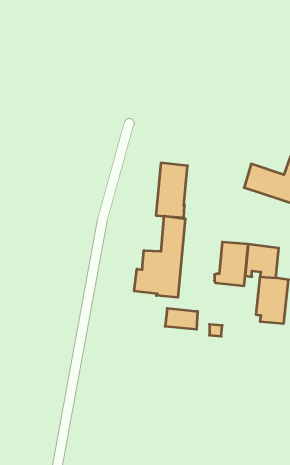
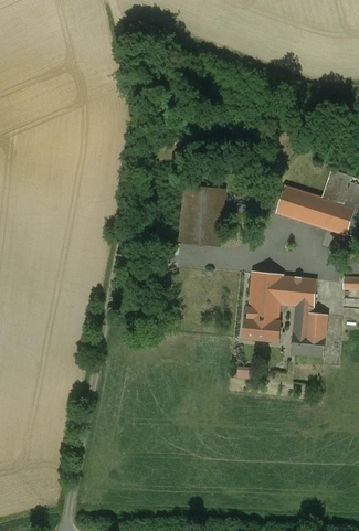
building: [134,216,185,297] -> none
building: [165,308,198,329] -> [242,318,278,341]

